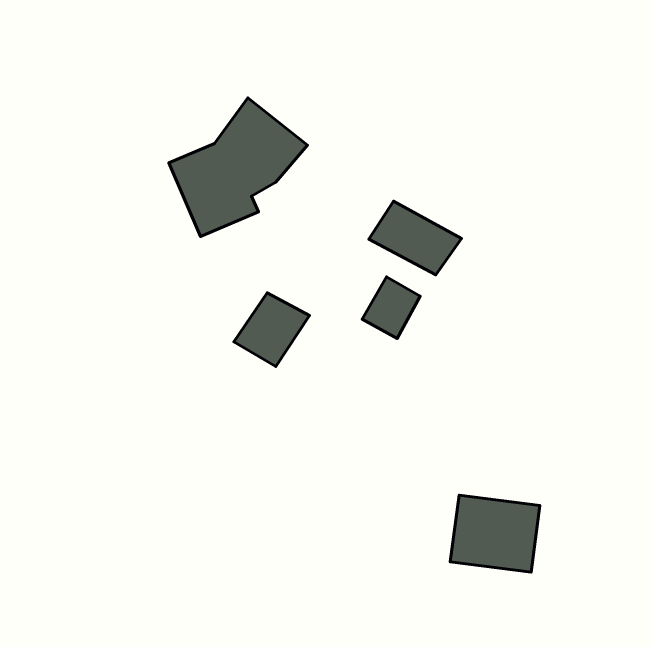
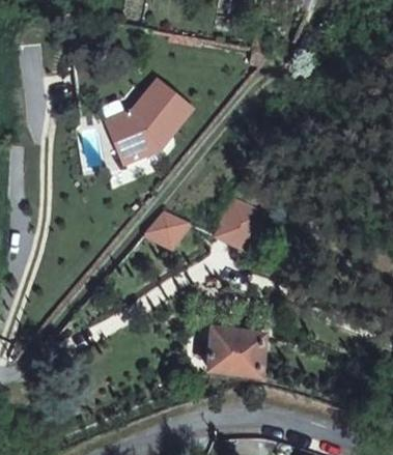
building: [369,201,462,275] -> none
building: [450,495,540,572] -> [206,331,259,376]

